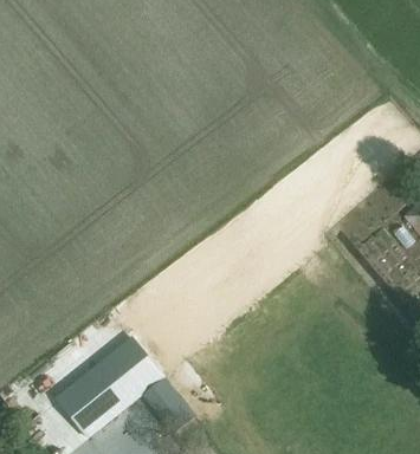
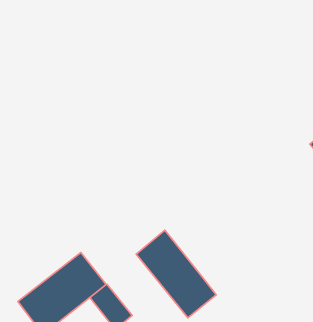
building: none -> [136,230,216,318]

